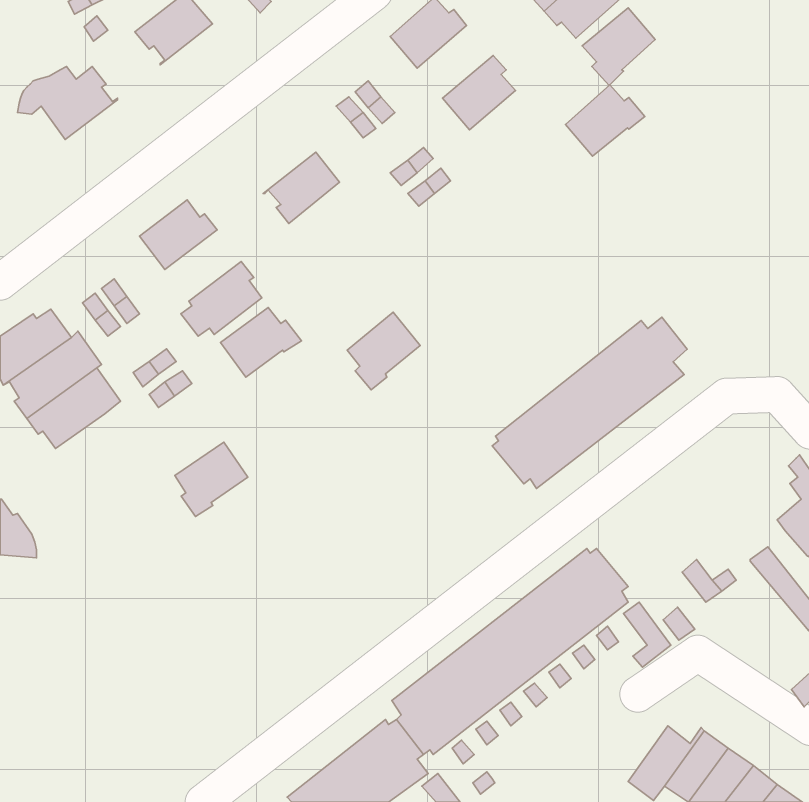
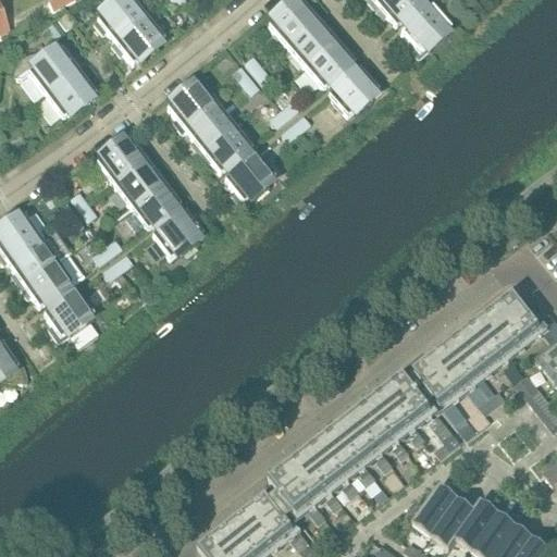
building: none -> [111,16,164,64]
building: none -> [287,17,339,67]
building: [566,85,645,156] -> [329,67,383,116]
building: none -> [46,69,96,117]
building: none -> [168,82,218,133]
building: none -> [199,125,252,173]
building: none -> [114,158,166,207]
building: [347,312,420,390] -> [225,153,275,207]
building: [492,317,687,489] -> [410,288,544,406]
building: [175,442,248,517] -> [44,290,94,342]
building: none -> [413,485,459,536]

